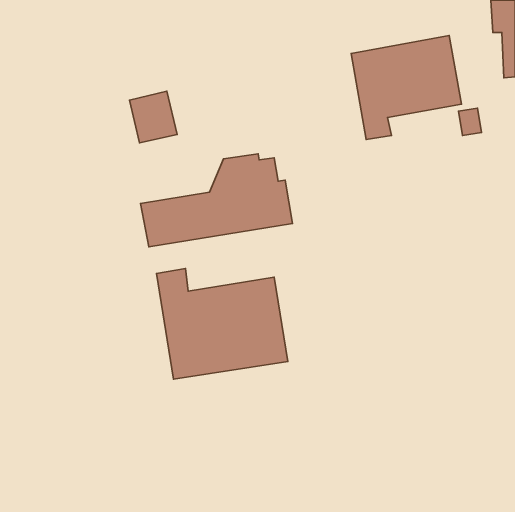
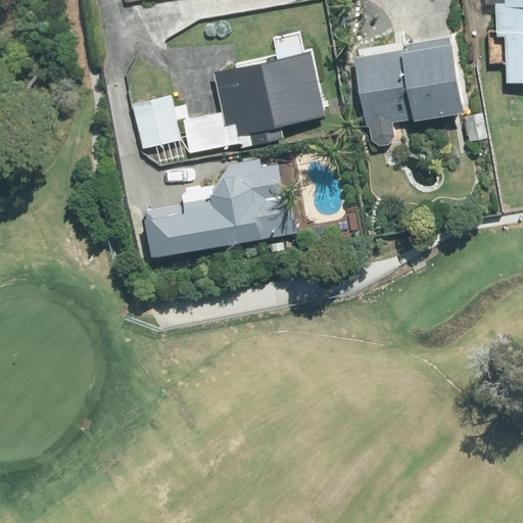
building: none -> [181,50,327,160]
building: [156,268,288,379] -> none

